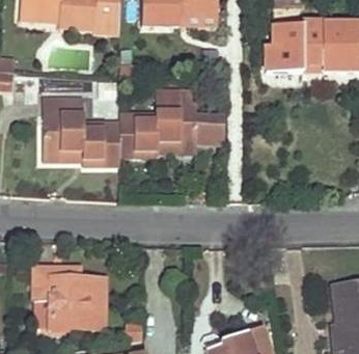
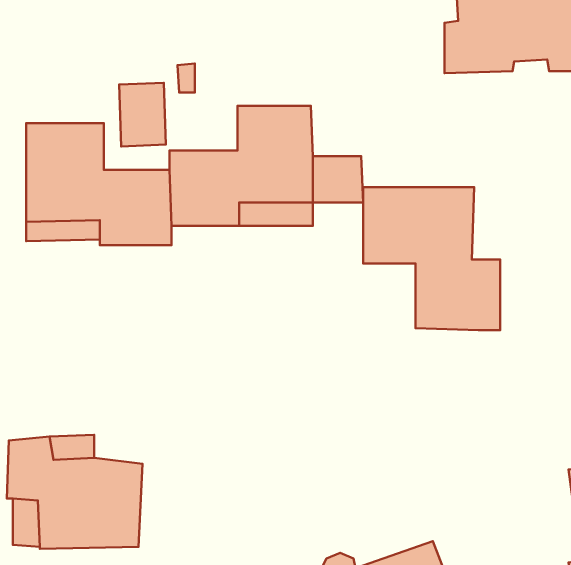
building: none -> [363,187,500,330]

